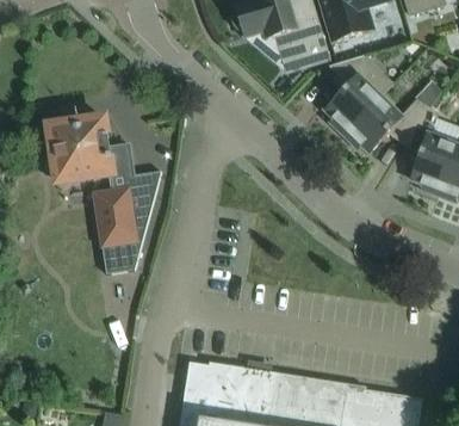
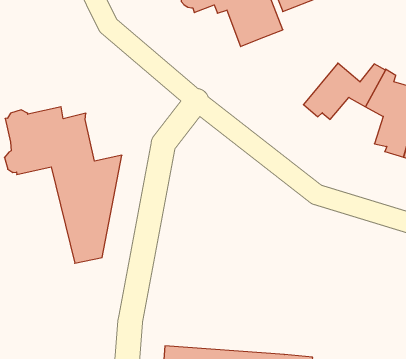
building: [324,55,392,135] -> none

